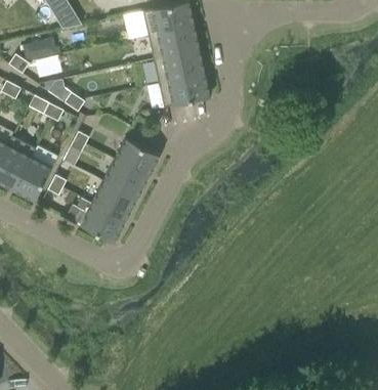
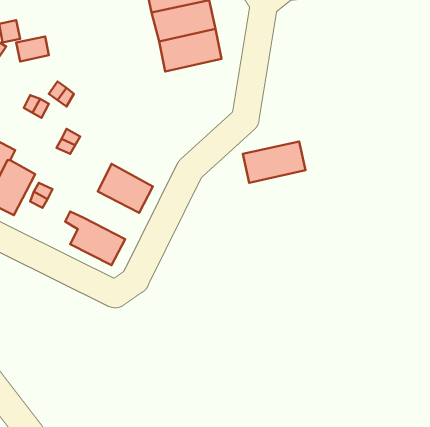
building: [159,74,210,107] -> [243,141,306,183]
building: [115,138,160,178] -> none
building: [92,182,137,221] -> none

